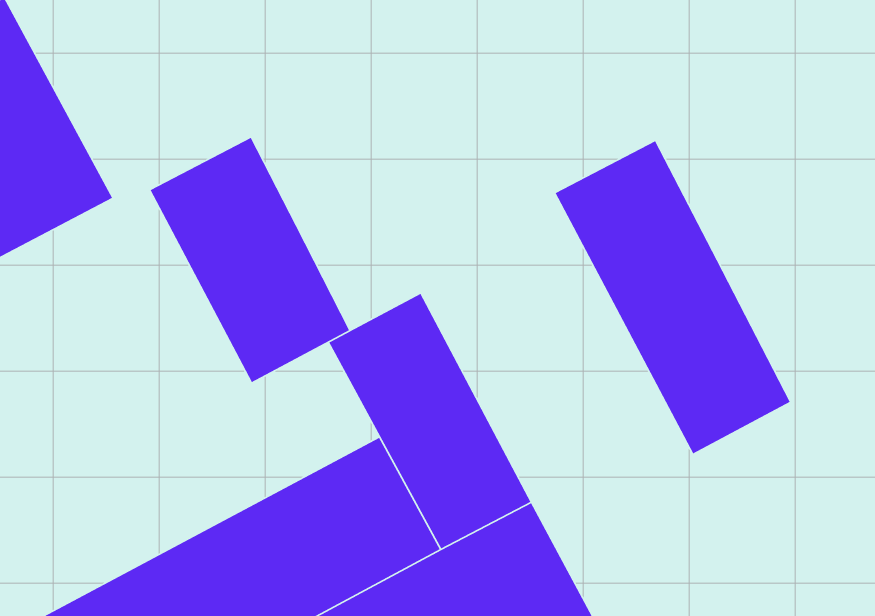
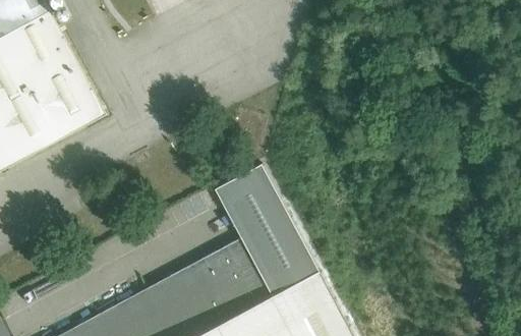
building: [150,137,350,383] -> none
building: [555,140,791,455] -> none

